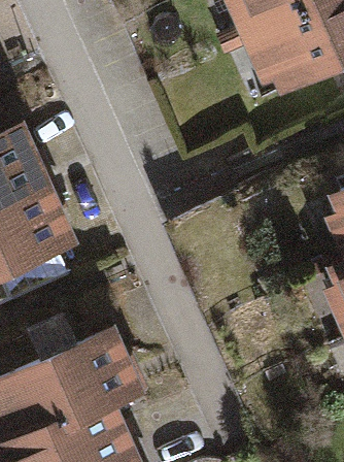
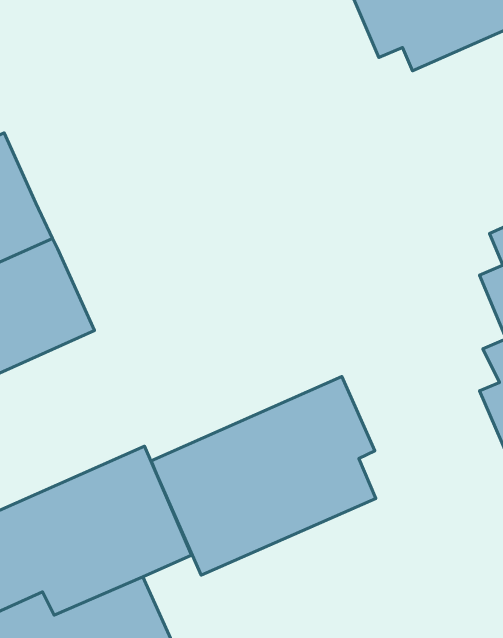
building: none -> [151,377,376,575]

